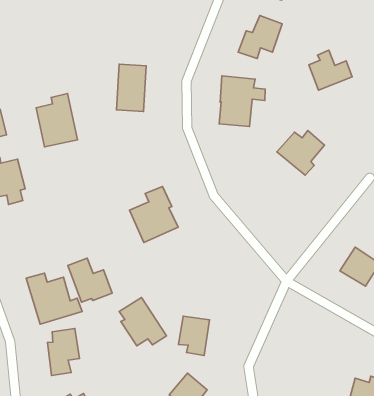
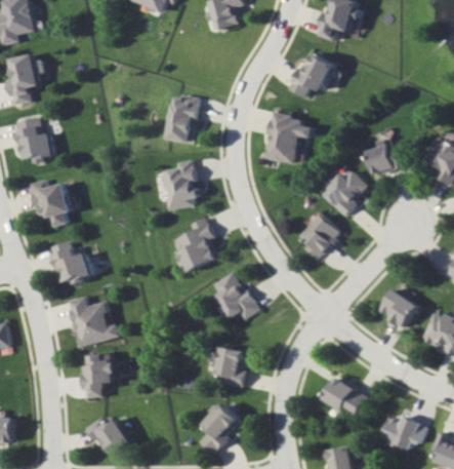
building: [309,50,352,90] -> [368,138,410,177]
building: [36,94,78,147] -> [161,159,200,210]
building: none -> [303,214,343,260]
building: [68,258,112,302] -> [51,240,93,283]
building: [119,298,166,346] -> [213,272,258,319]
building: none -> [322,378,367,414]

